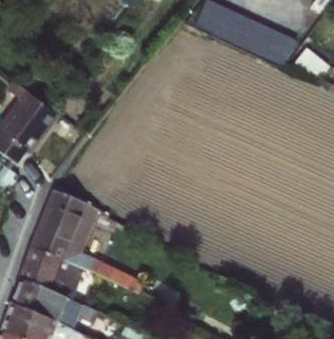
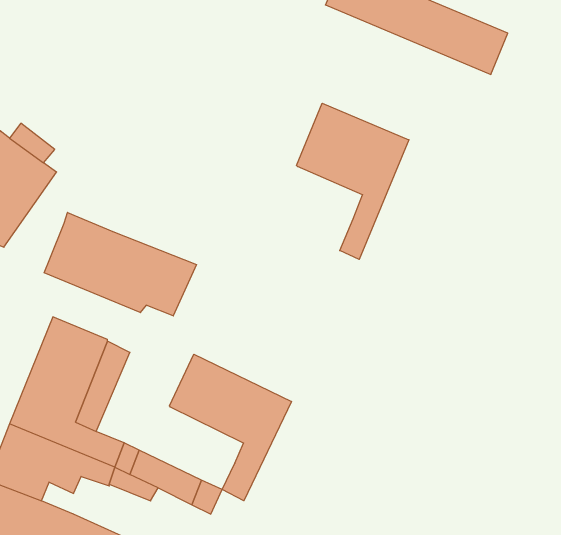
building: none -> [297,103,409,259]
building: none -> [44,212,197,316]
building: none -> [169,354,291,501]

